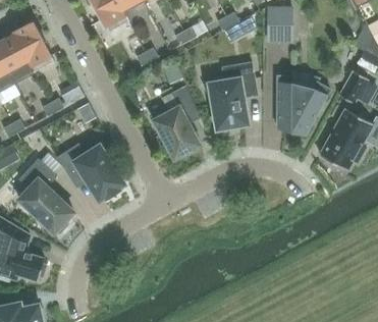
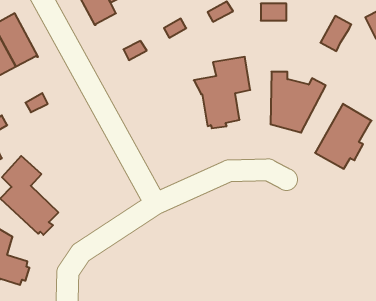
building: [338,70,368,104] -> [320,16,351,51]
building: [153,85,200,159] -> none
building: [56,144,124,201] -> none

